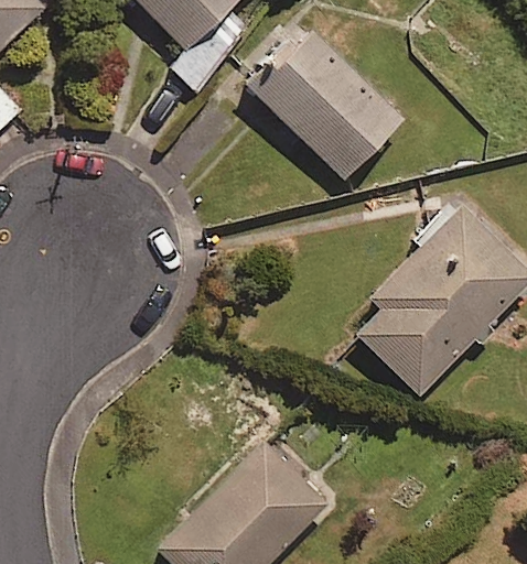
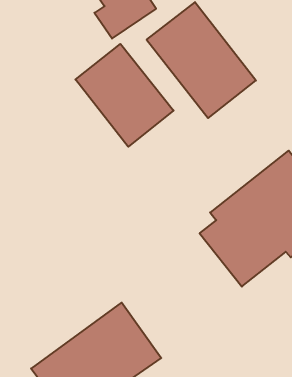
building: none -> [75,44,174,147]

